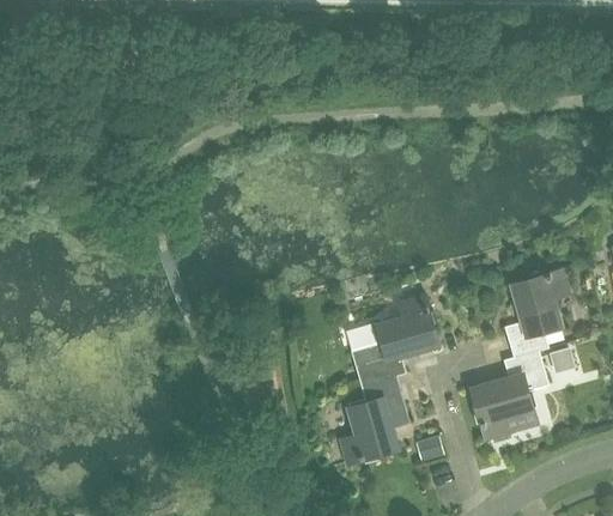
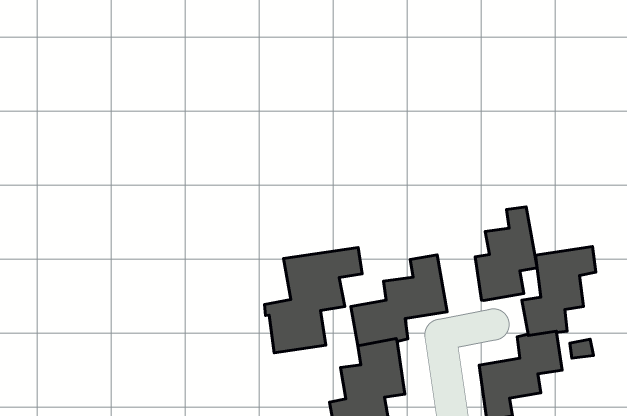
building: none -> [475,207,537,301]
building: none -> [265,247,362,353]

